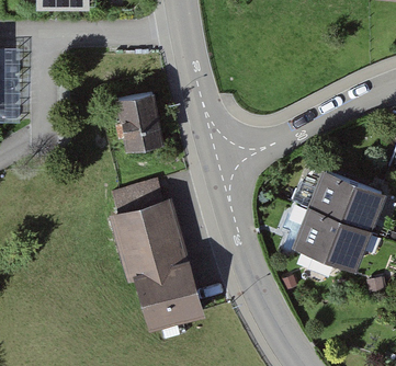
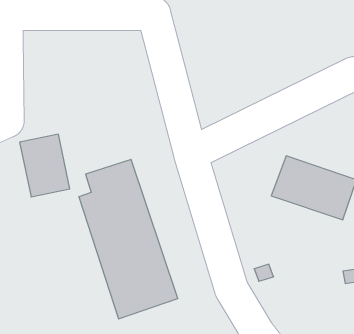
building: [116,89,165,149] -> [20,134,70,197]
building: [288,211,370,273] -> none

